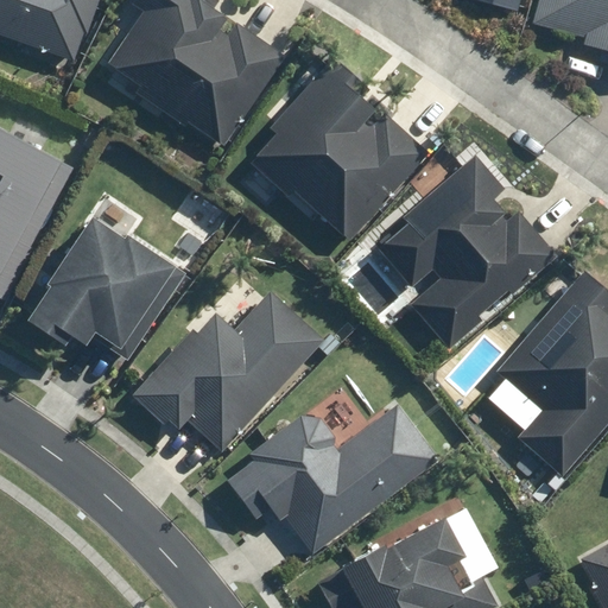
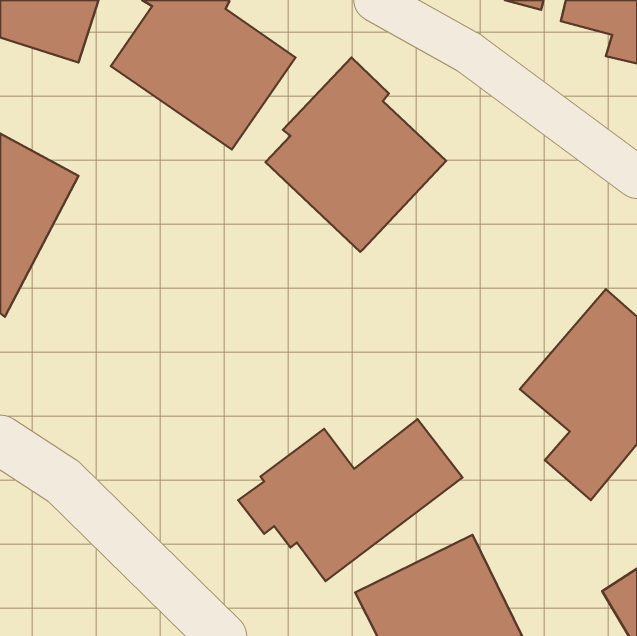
building: [379,156,556,348] -> none
building: [23,210,185,356] -> none
building: [138,293,322,449] -> none

